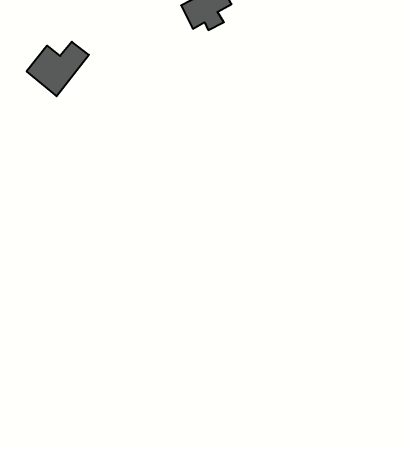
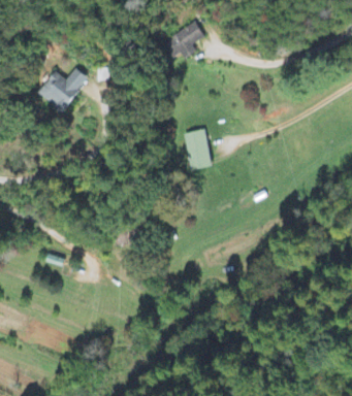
building: none -> [184,129,213,171]

